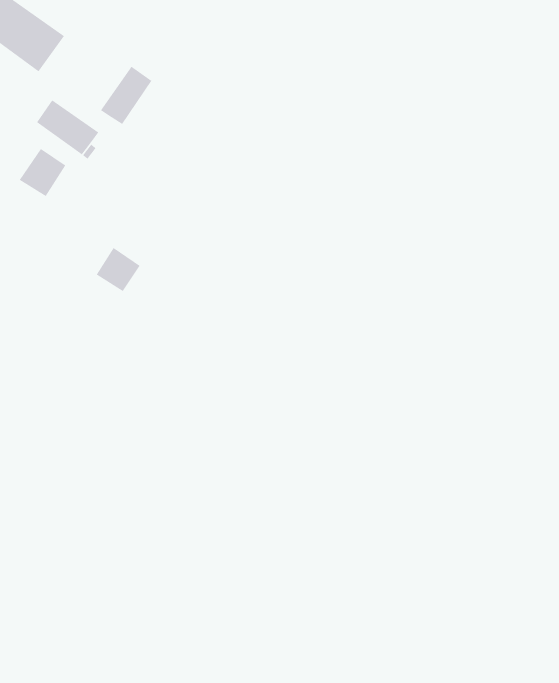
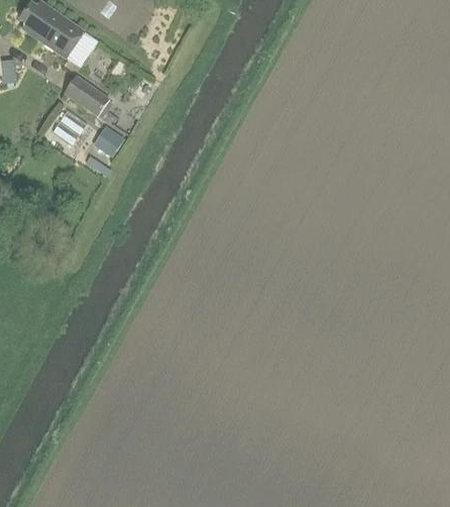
building: [100,66,152,125] -> none
building: [96,247,140,292] -> [93,125,124,157]

